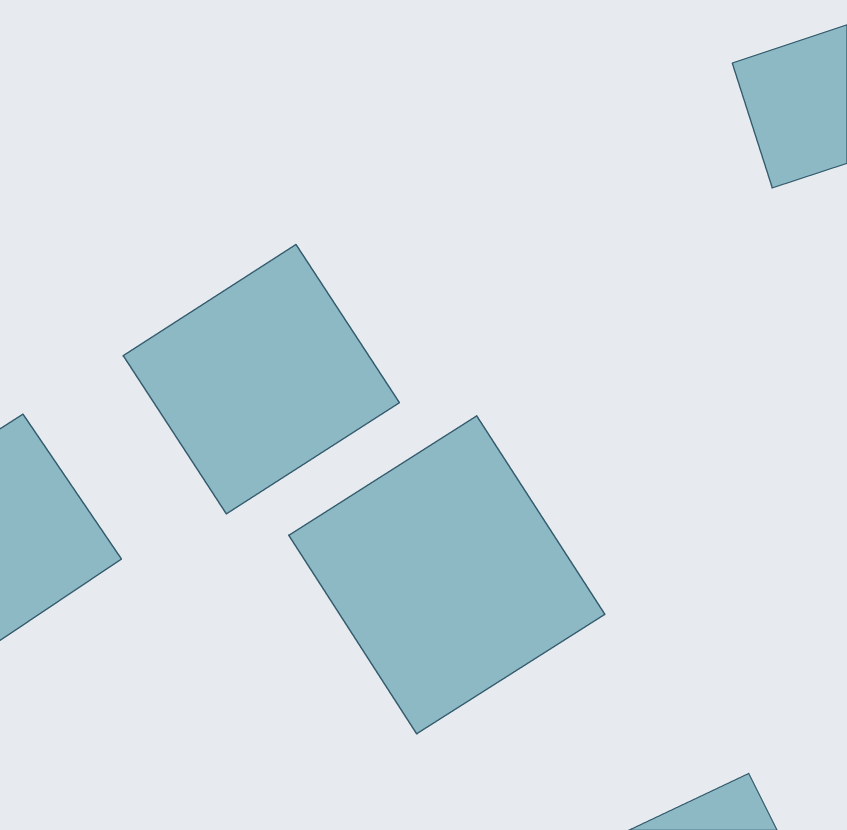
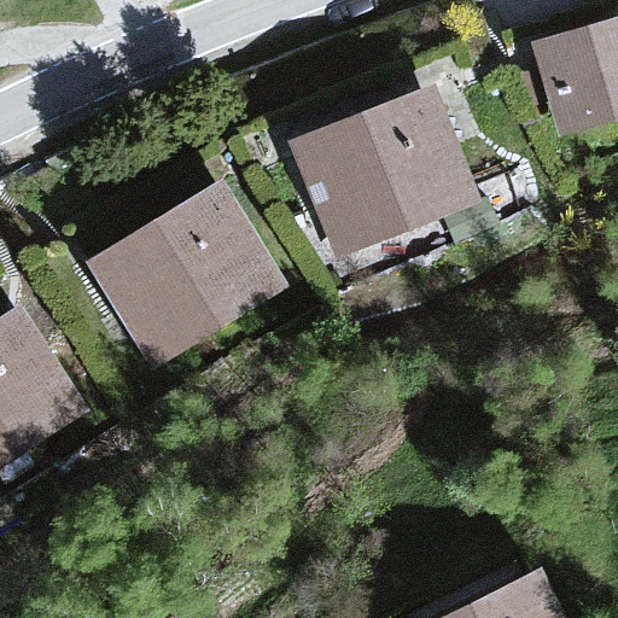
building: none -> [288,84,482,258]
building: [289,416,605,734] -> none

